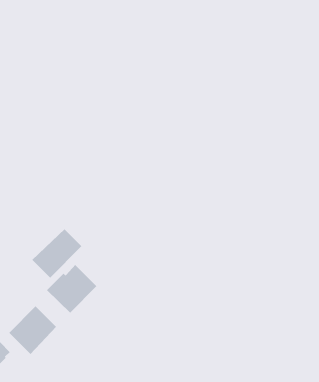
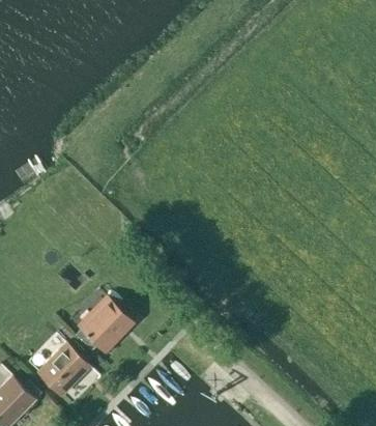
building: [32,228,82,278] -> none

